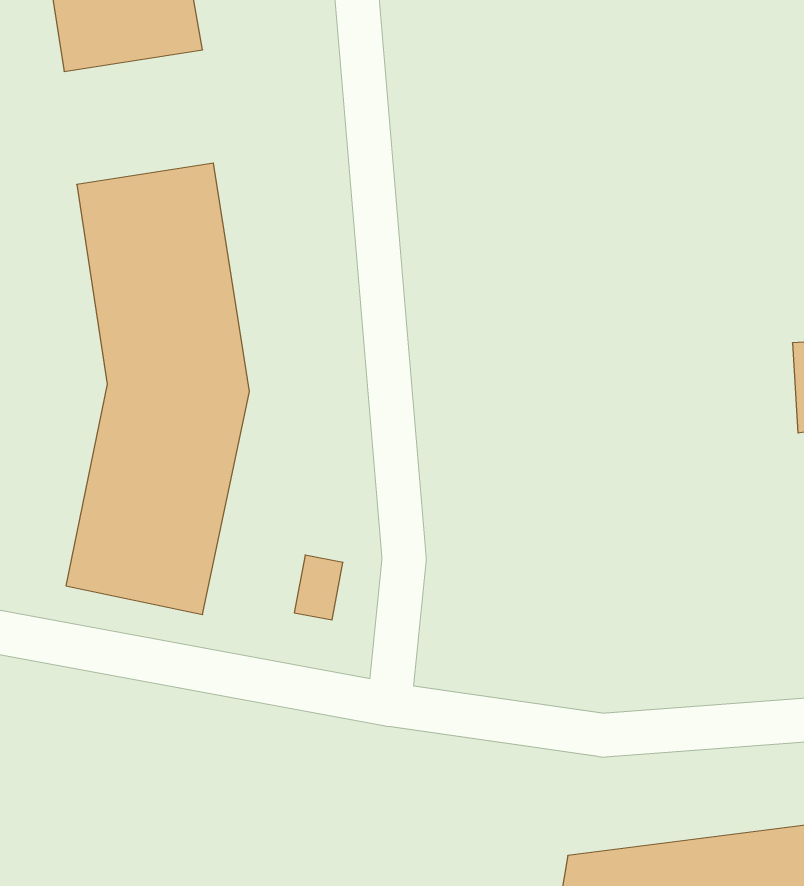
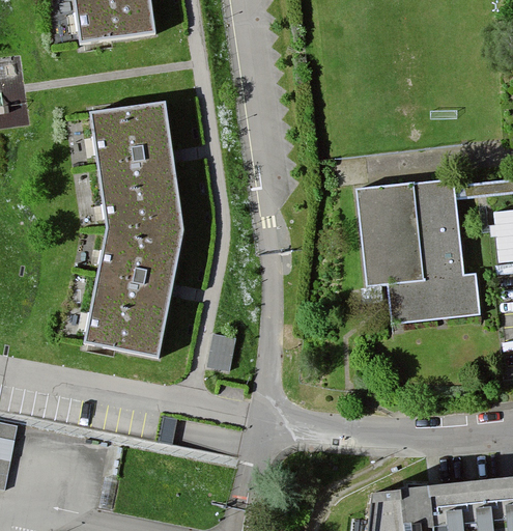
building: none -> [355,181,482,325]

